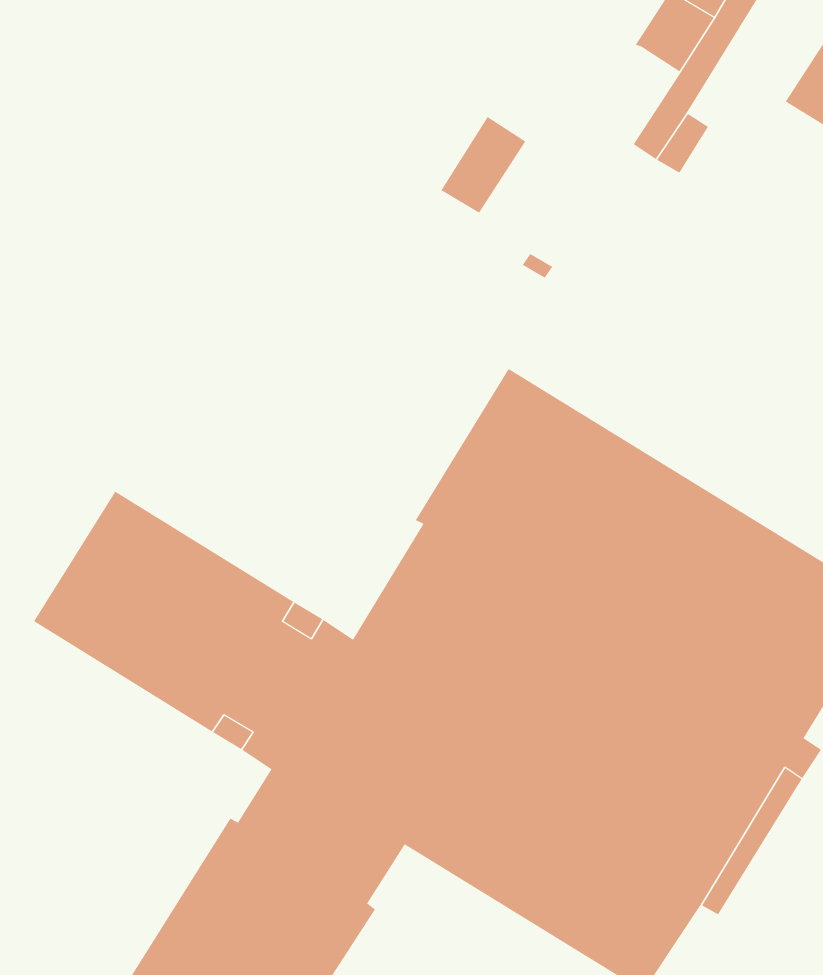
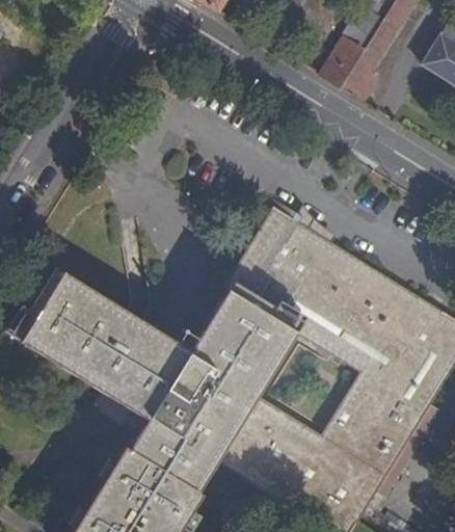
building: [440,116,526,213] -> [319,35,365,87]

